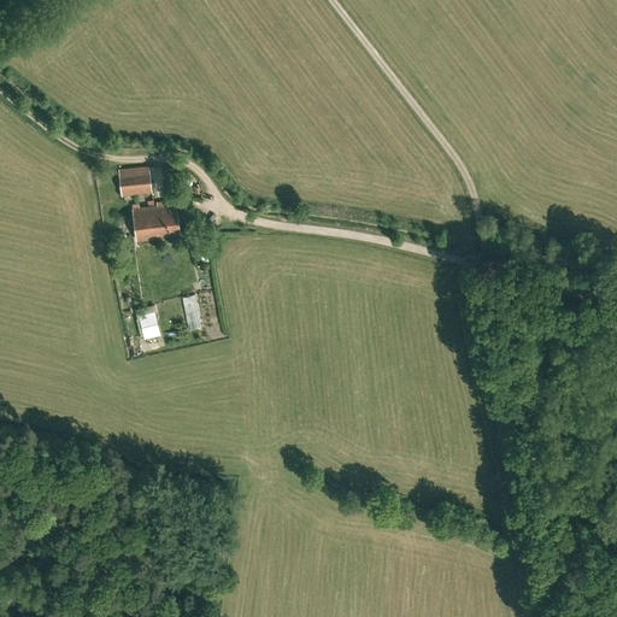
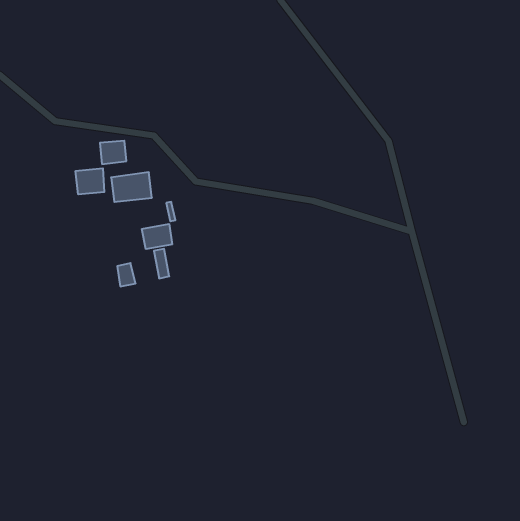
building: none -> [76,168,104,194]
building: none -> [142,224,172,249]

